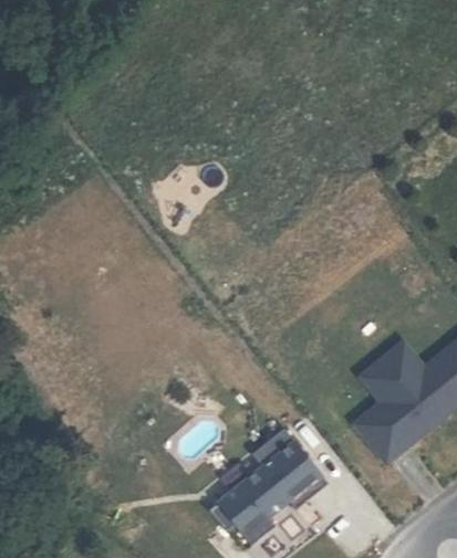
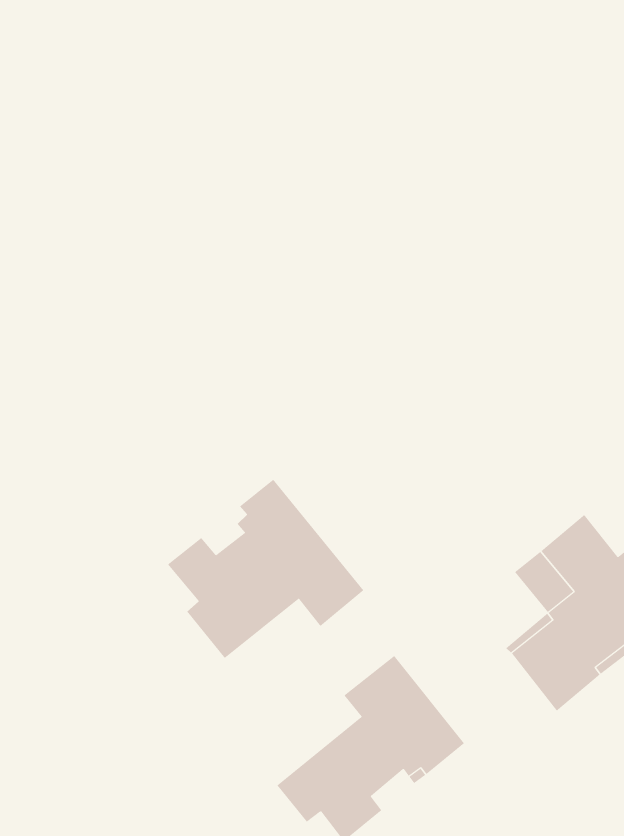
building: none -> [167,479,364,659]

